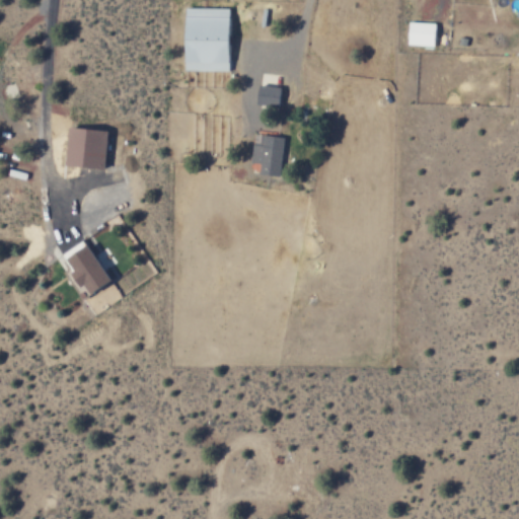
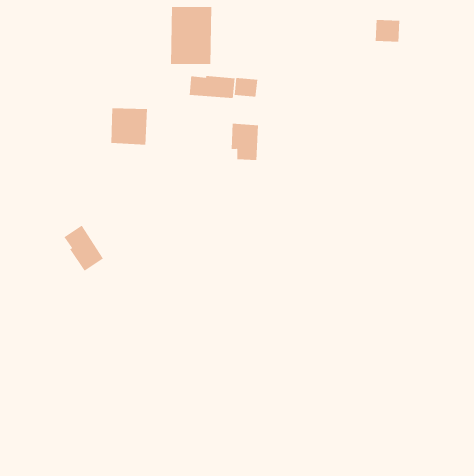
building: none -> [189,75,235,99]
building: [67,128,107,168] -> [111,108,148,145]

